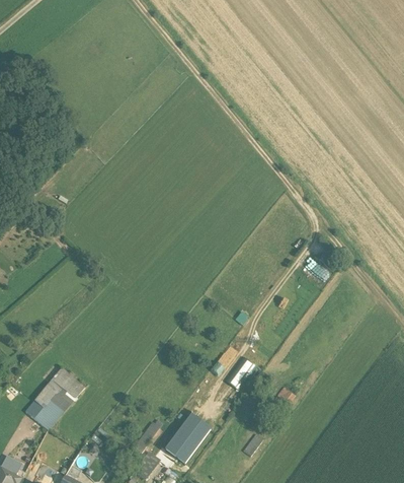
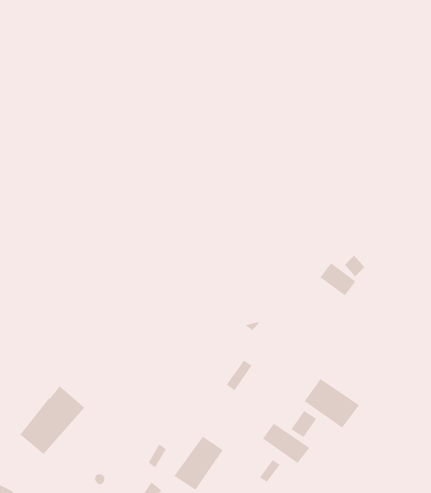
building: none -> [304,378,360,429]
building: none -> [262,423,310,464]

